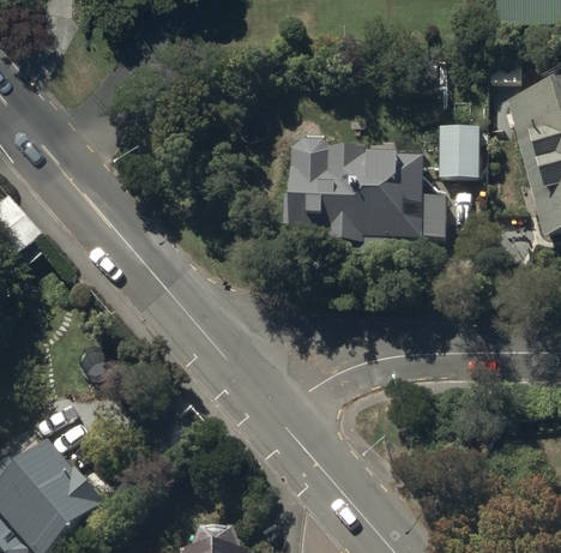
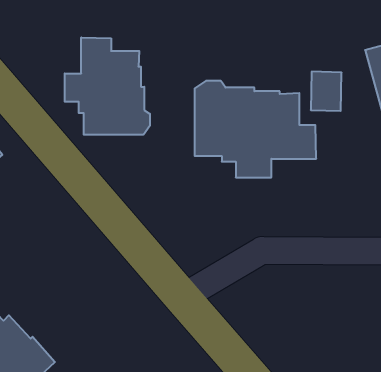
building: none -> [65,37,150,135]

